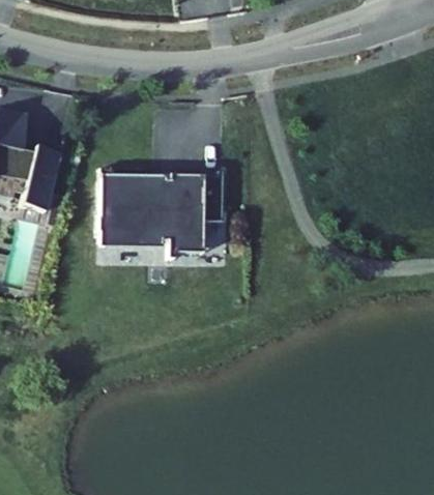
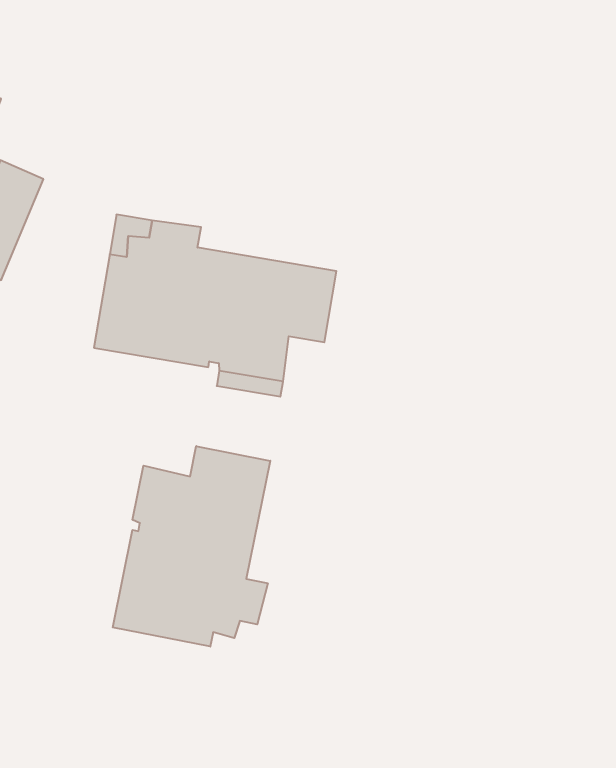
building: none -> [113,446,270,647]

